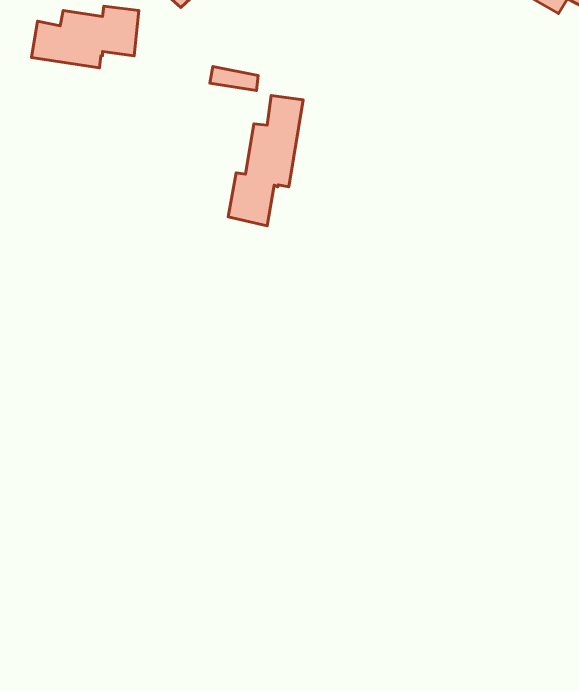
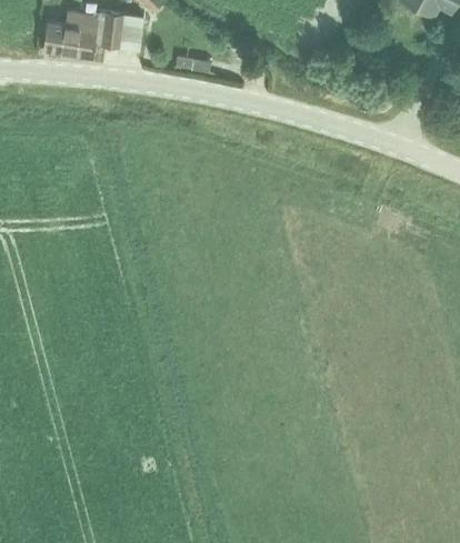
building: [228,96,303,226] -> none

